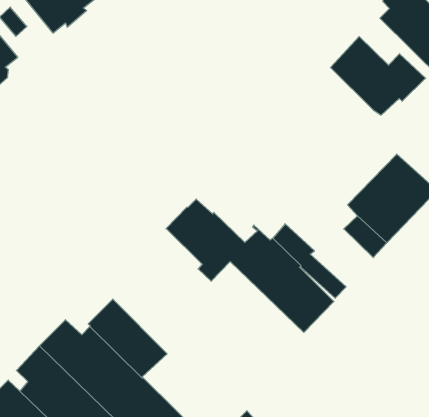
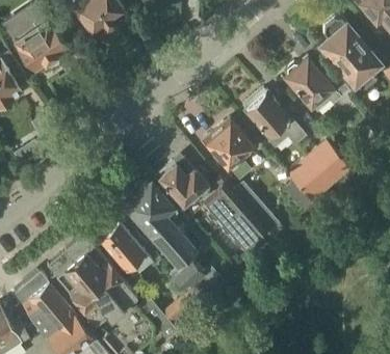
building: none -> [243,89,305,145]
building: none -> [204,118,254,179]
building: none -> [124,180,226,302]

